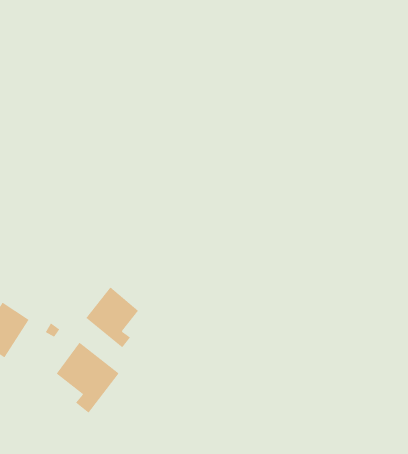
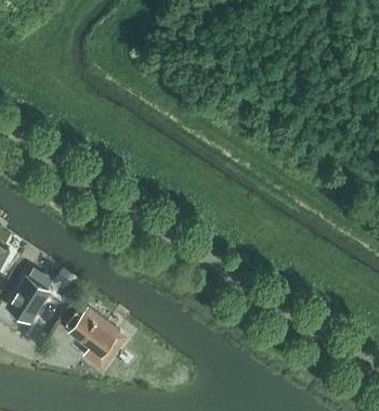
building: [85,287,139,348] -> none

